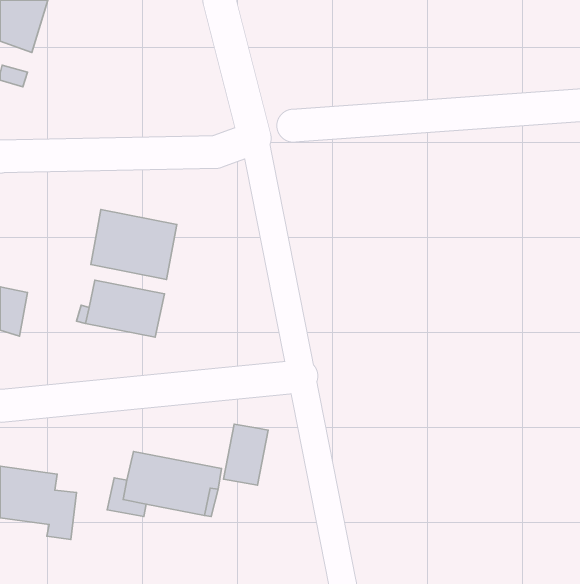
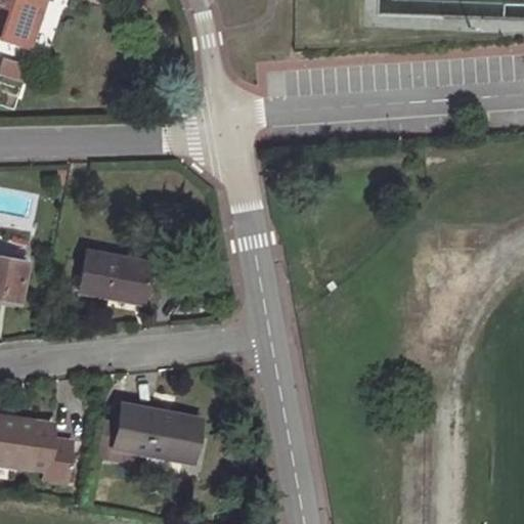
building: [91,210,177,280] -> none
building: [224,424,268,485] -> none

